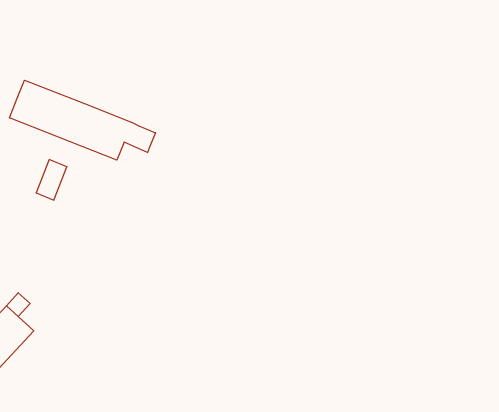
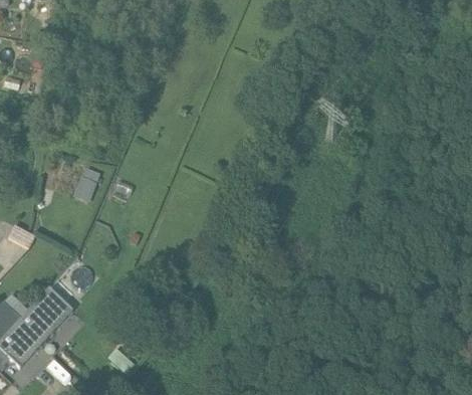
building: [9,80,156,160] -> none

